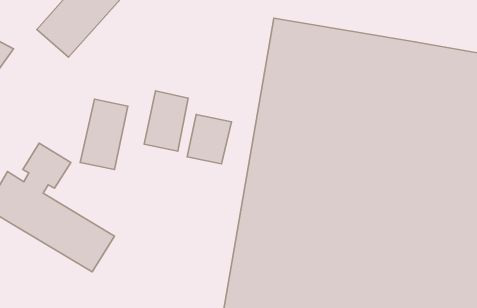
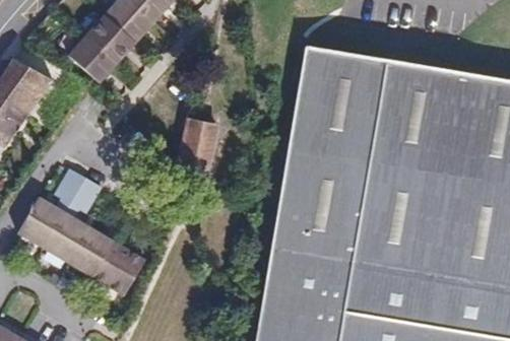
building: [80,99,128,170] -> none
building: [187,115,231,164] -> none

